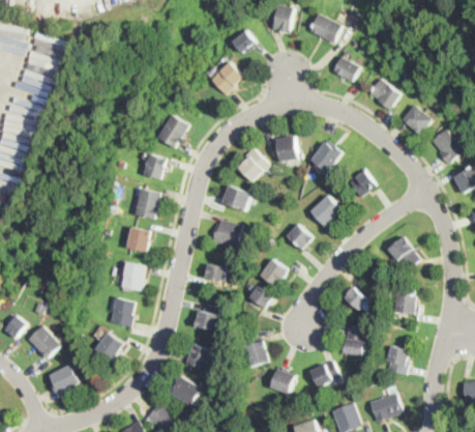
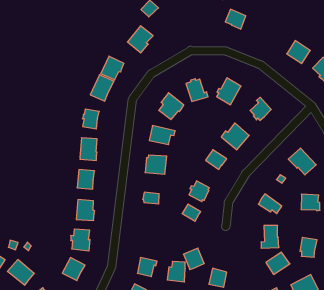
building: [369,78,400,109] -> none
building: none -> [101,56,124,80]
building: [194,304,218,330] -> [167,261,185,282]
building: [309,359,338,385] -> [266,252,290,274]

